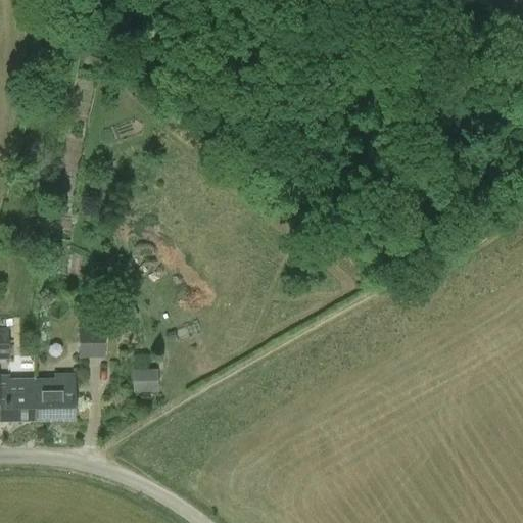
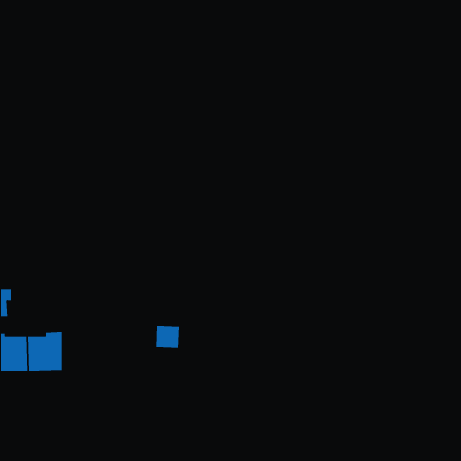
building: [80,326,106,358] -> none
building: [131,366,158,391] -> [155,325,180,348]

